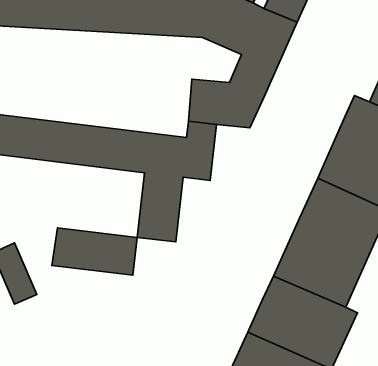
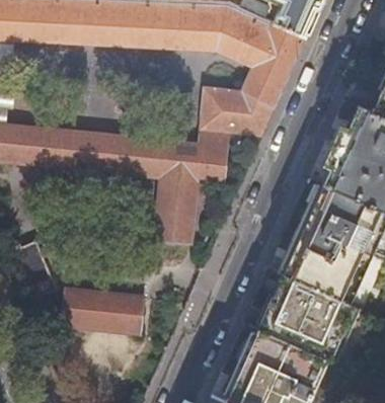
building: [52,228,137,275] -> [63,291,143,335]

